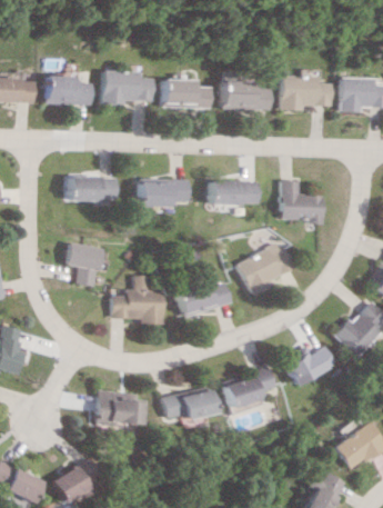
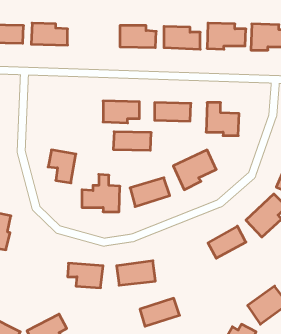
building: [107,71,157,103] -> none
building: [74,177,124,201] -> [113,132,151,150]
building: [220,370,272,407] -> [140,298,180,326]

